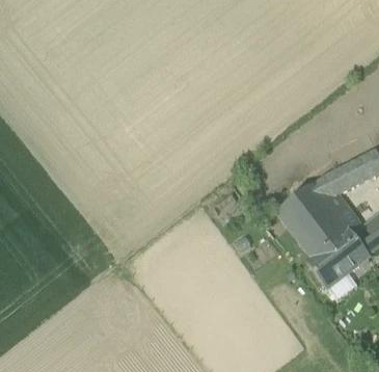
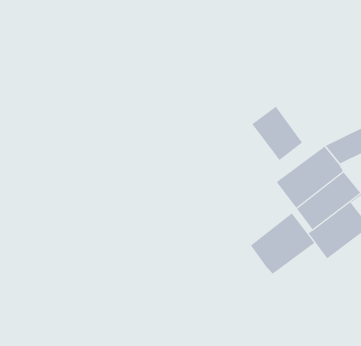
building: none -> [252,106,303,161]
building: none -> [250,212,315,275]

